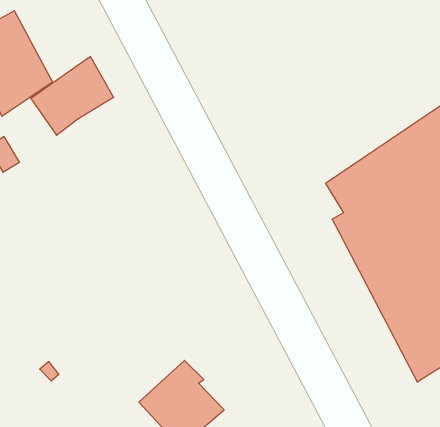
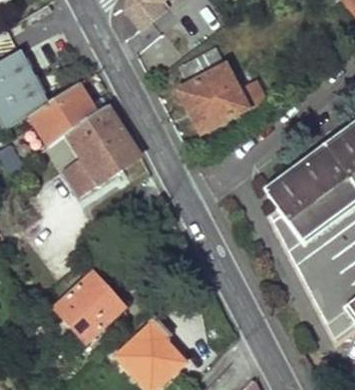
building: none -> [179,48,264,130]
building: none -> [68,107,142,200]
building: none -> [54,271,129,341]

